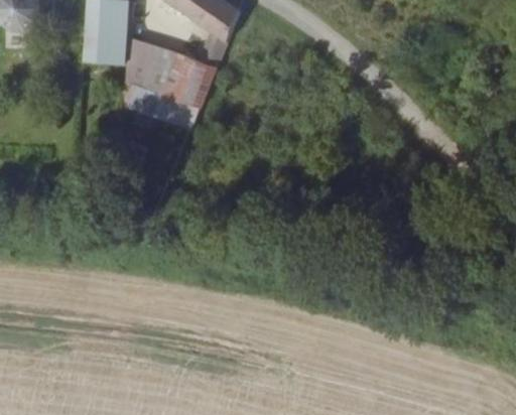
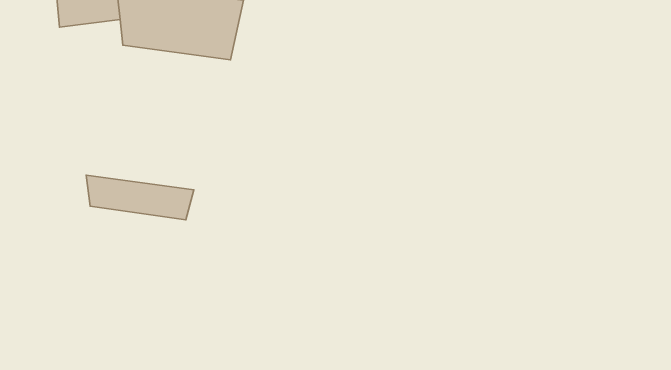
building: [124,84,199,127] -> [86,175,194,220]

